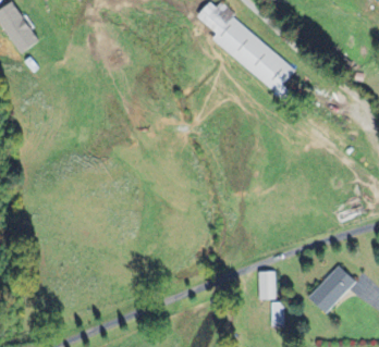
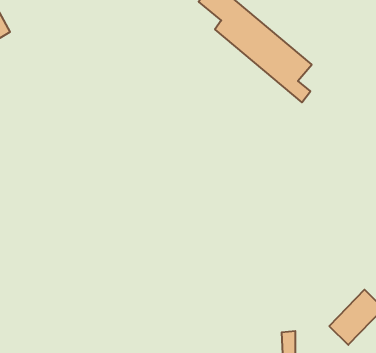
building: [255,271,273,298] -> none

